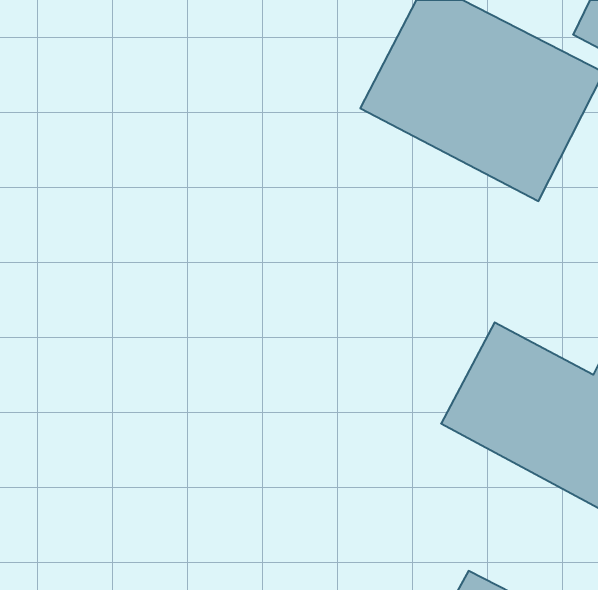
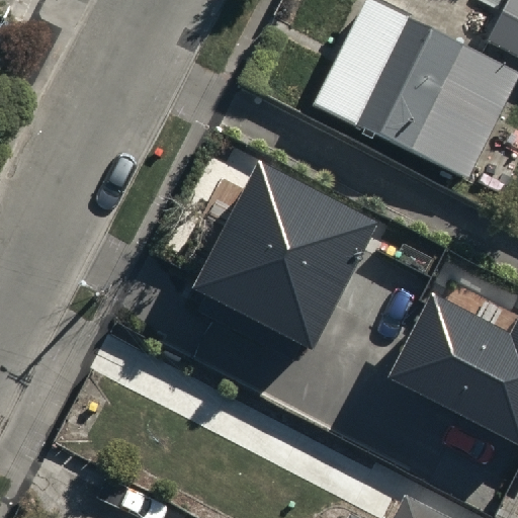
building: none -> [191,156,379,345]

